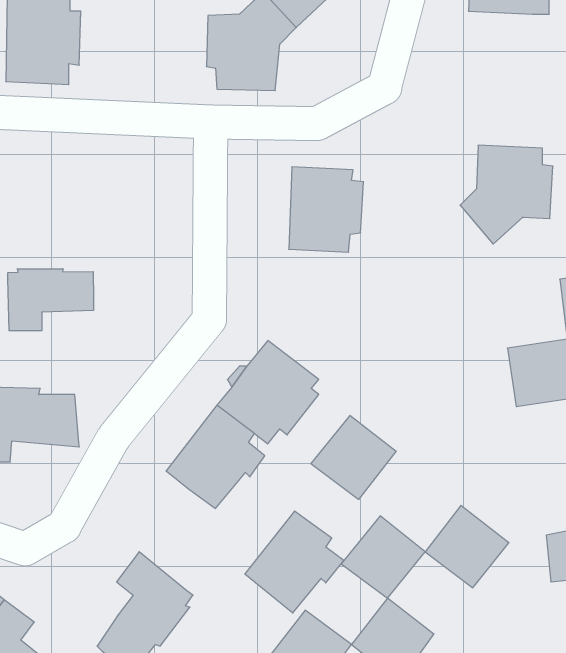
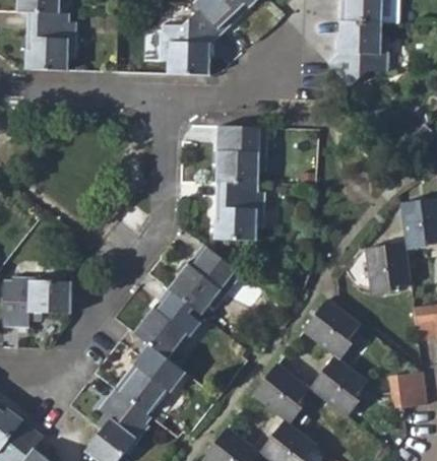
building: [460,145,553,244] -> [326,21,389,88]
building: none -> [214,183,264,241]
building: [8,269,93,331] -> none
building: [311,415,396,499] -> [301,300,359,356]
building: [245,511,344,613] -> [115,345,182,414]

